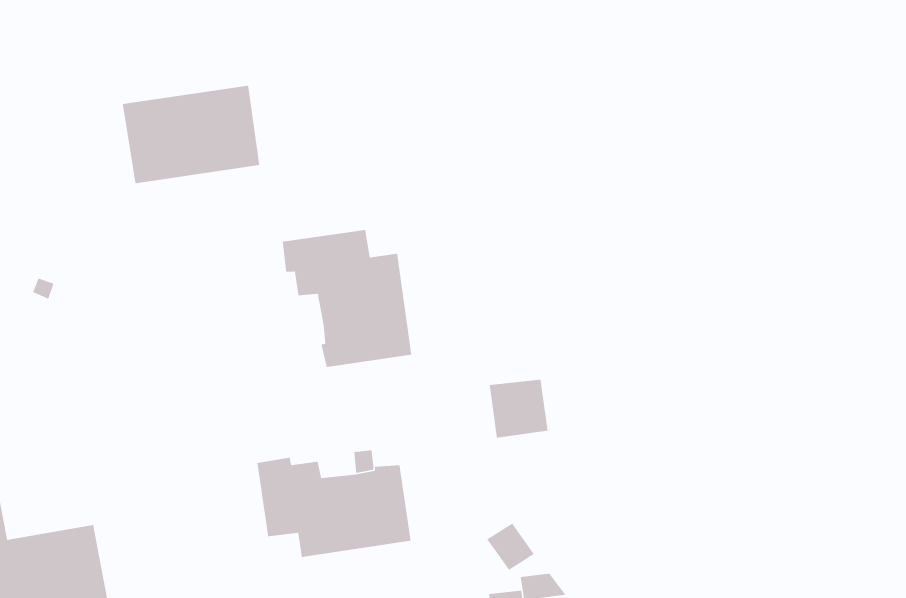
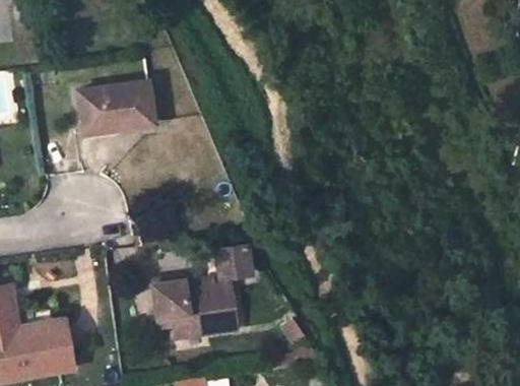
building: [282,229,412,368] -> none
building: [489,379,549,439] -> [220,246,253,278]

